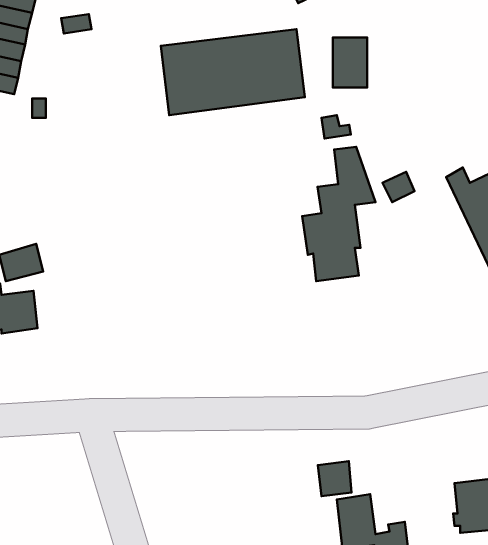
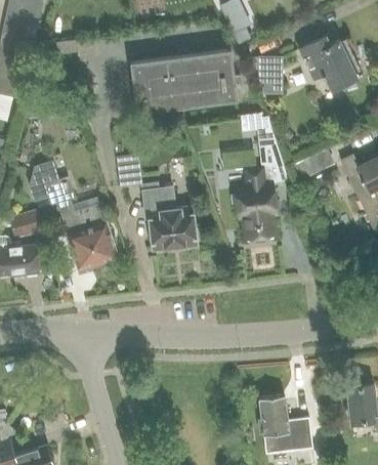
building: none -> [299,35,356,89]
building: none -> [116,155,197,251]
building: none -> [29,160,116,268]
building: [318,461,351,496] -> none

